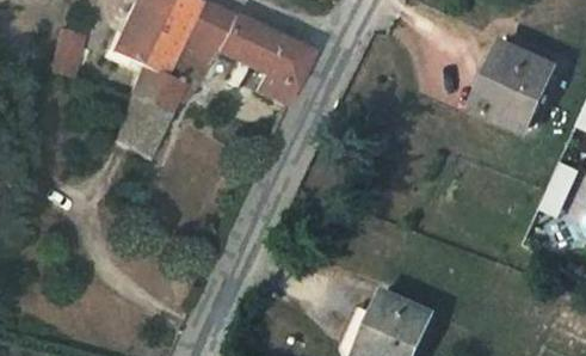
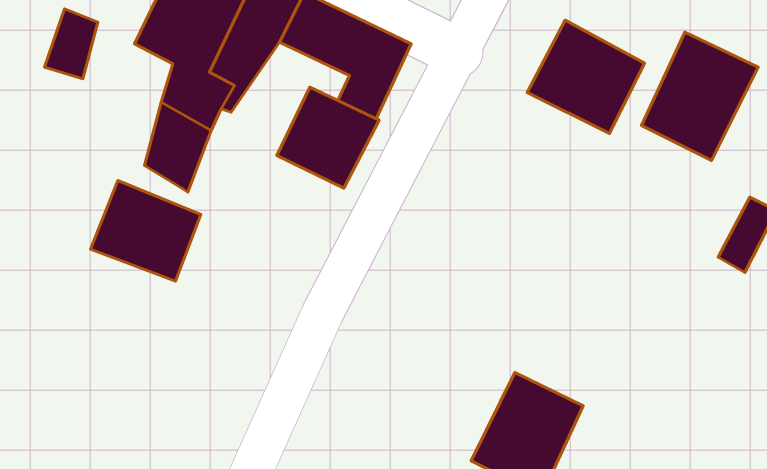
building: none -> [527,20,645,133]
building: none -> [277,87,379,188]
building: none -> [91,180,201,281]

